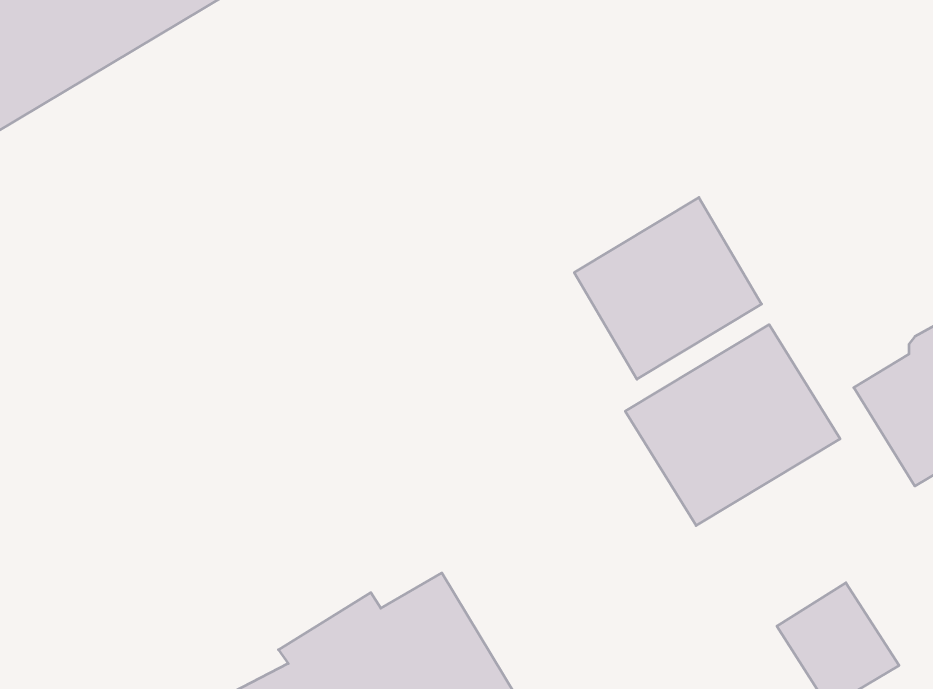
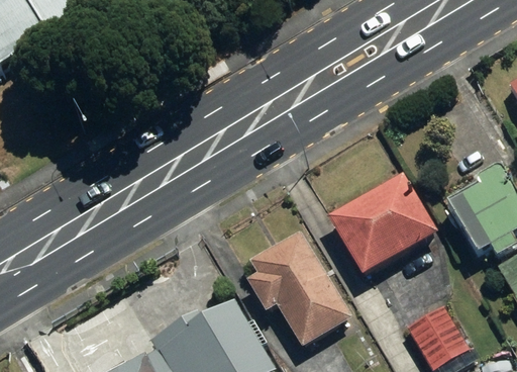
building: [574,197,762,379] -> none
building: none -> [247,227,351,345]

